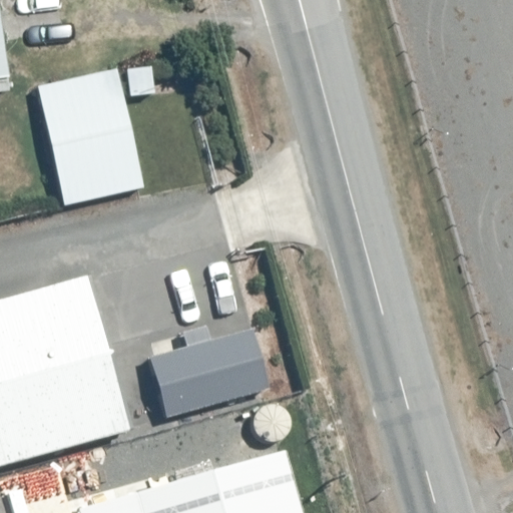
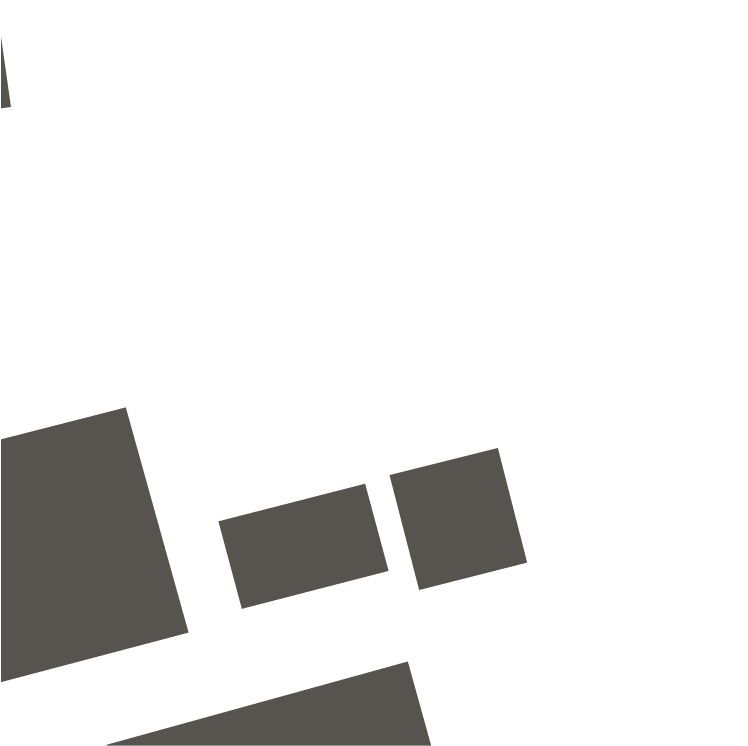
building: [36,68,145,208] -> none
building: none -> [389,447,528,591]

